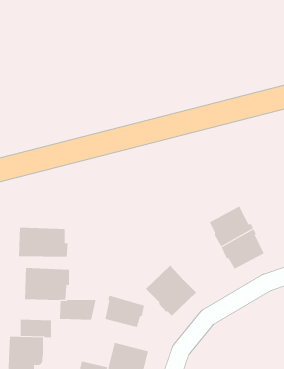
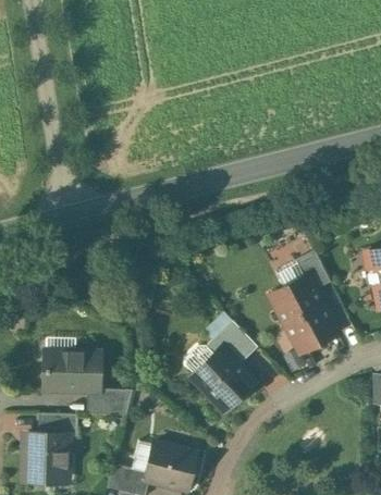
building: none -> [295,249,330,289]
building: [19,227,68,258] -> none
building: none -> [212,320,257,364]
building: [105,295,144,328] -> none

